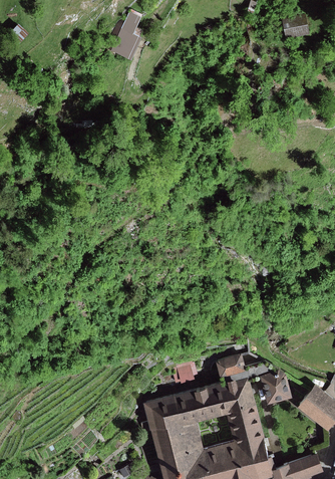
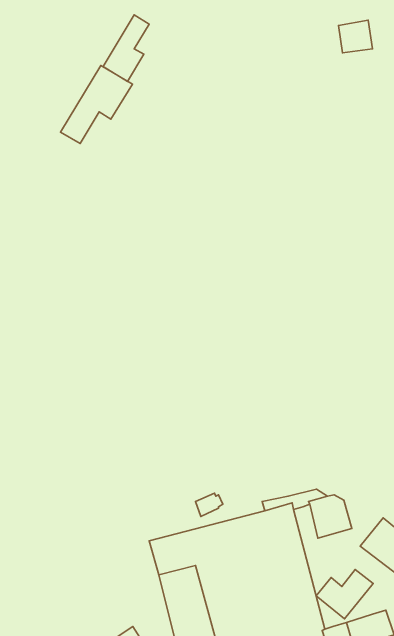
building: none -> [60,65,132,144]
building: [216,354,245,375] -> none
building: none -> [316,569,373,619]

